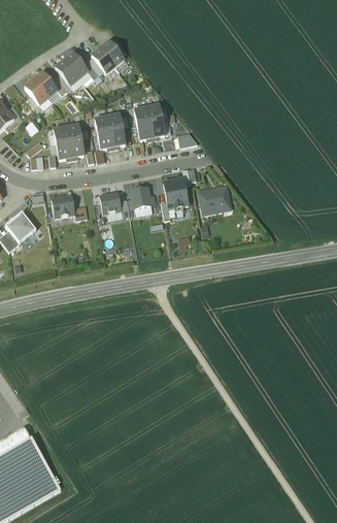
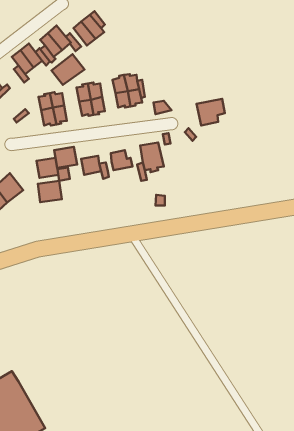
building: none -> [52,54,84,85]
building: none -> [54,147,77,168]
building: [199,185,230,214] -> [196,99,225,126]
building: none -> [38,181,62,202]

